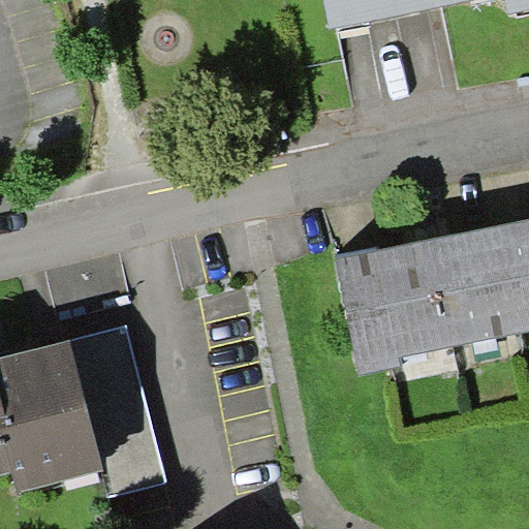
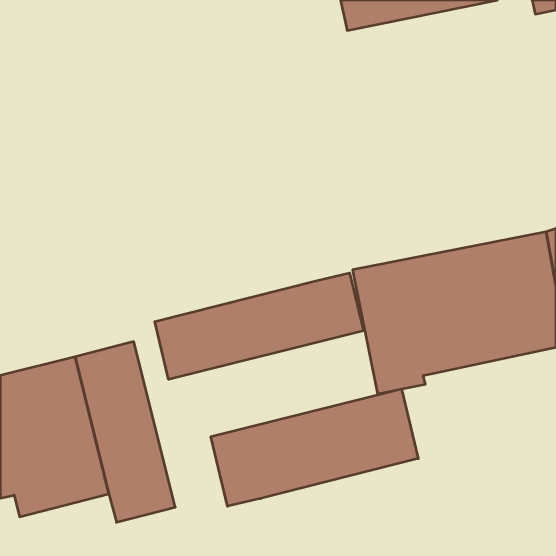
building: none -> [155,273,363,379]
building: none -> [211,389,418,506]

